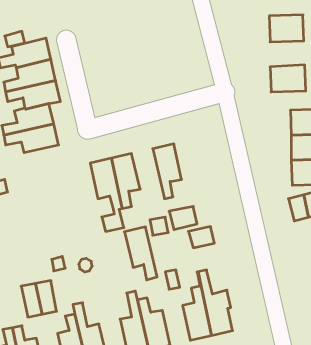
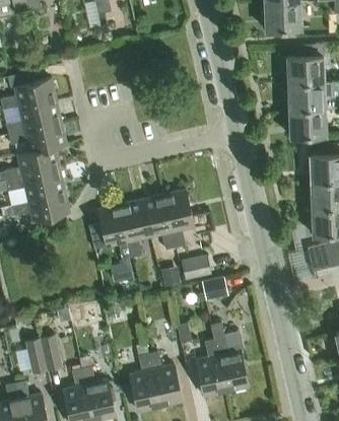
building: none -> [287,81,324,109]
building: none -> [12,191,69,221]
building: [124,227,157,280] -> [141,195,176,251]

